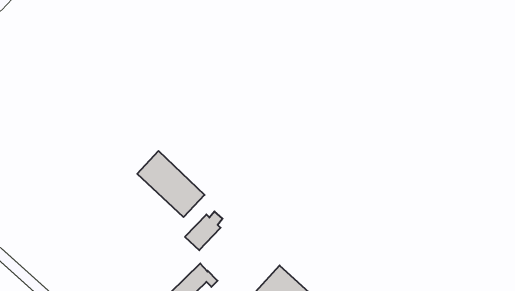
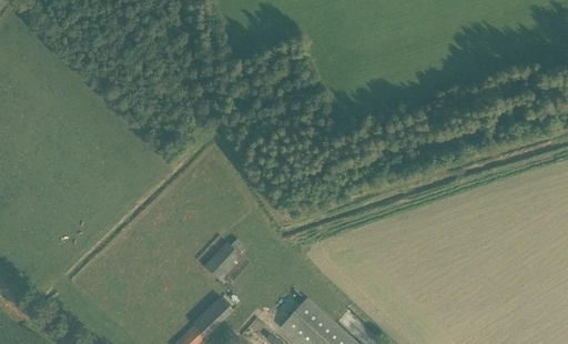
building: [137,151,205,217] -> none

